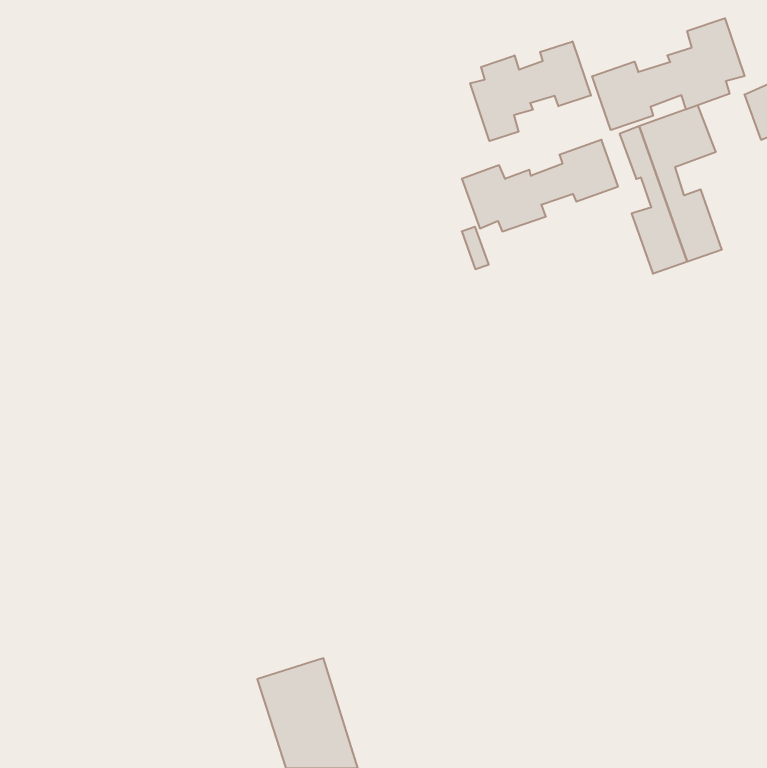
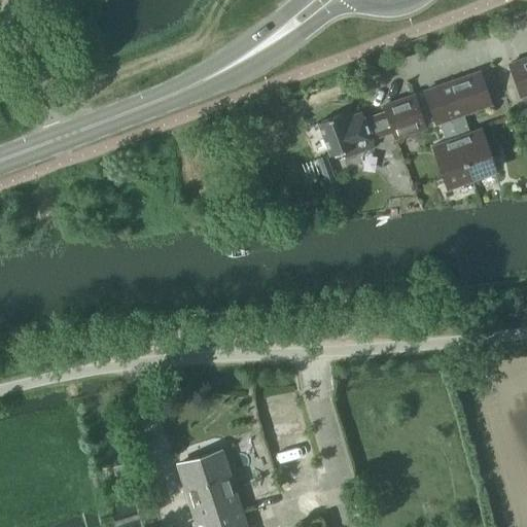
building: [592,18,745,130] -> none
building: [470,41,591,141] -> none

